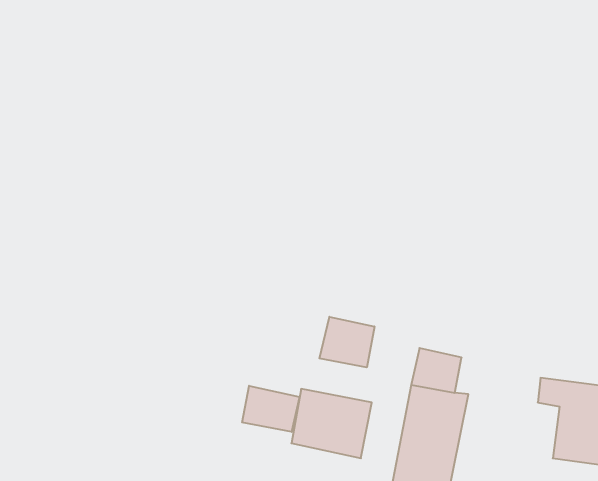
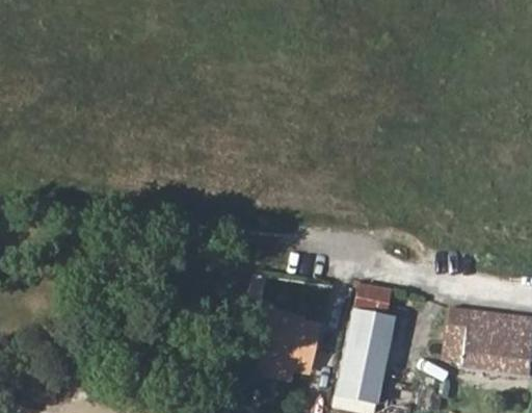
building: [319,317,374,367] -> none
building: [242,386,300,432] -> none

